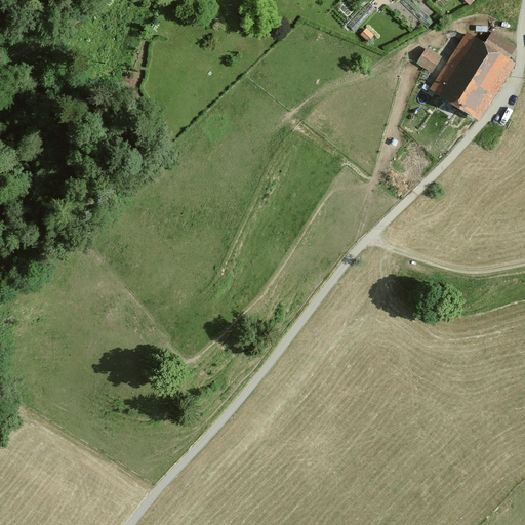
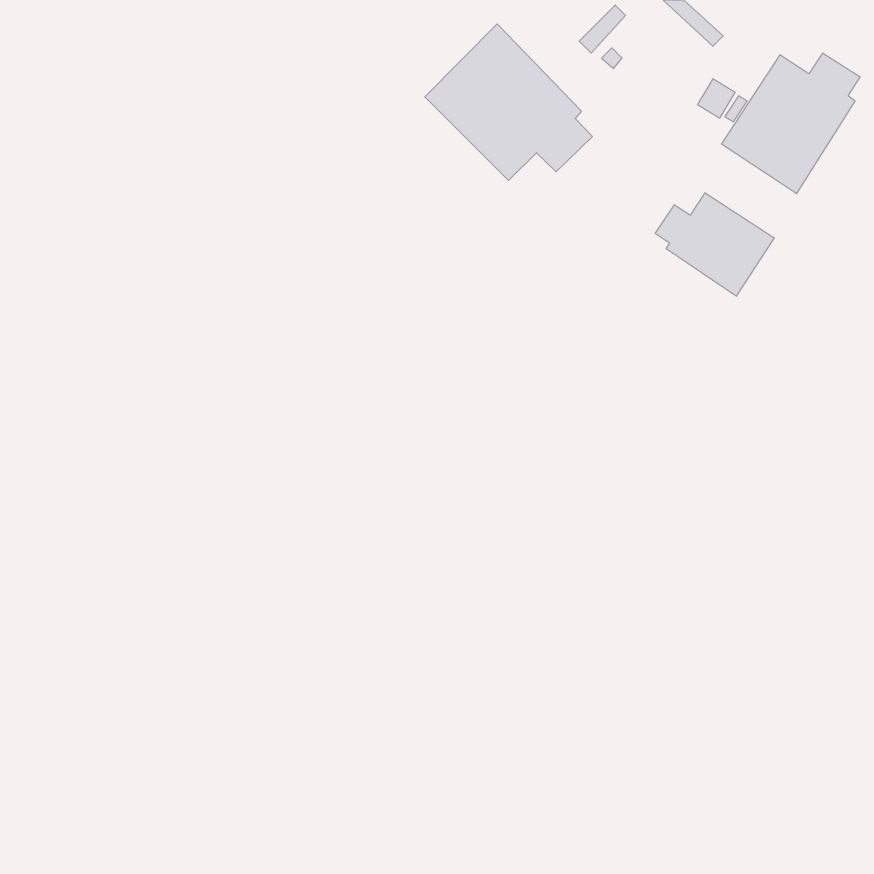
building: none -> [425,24,592,180]
building: none -> [655,193,774,296]

